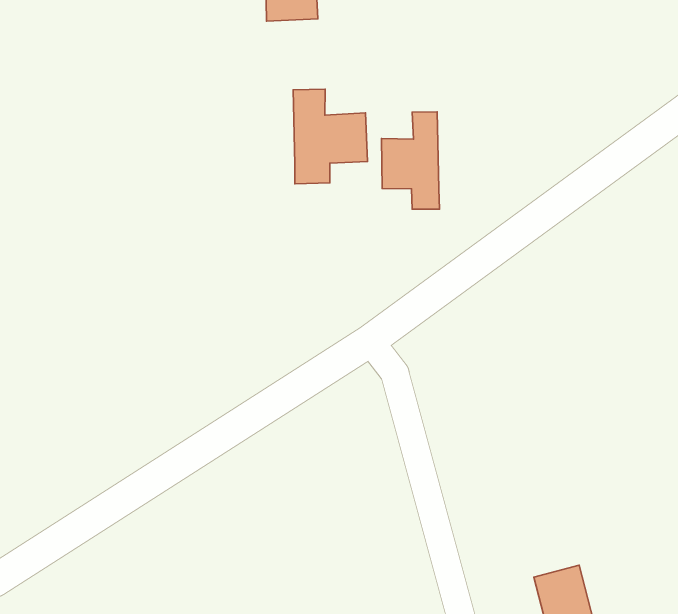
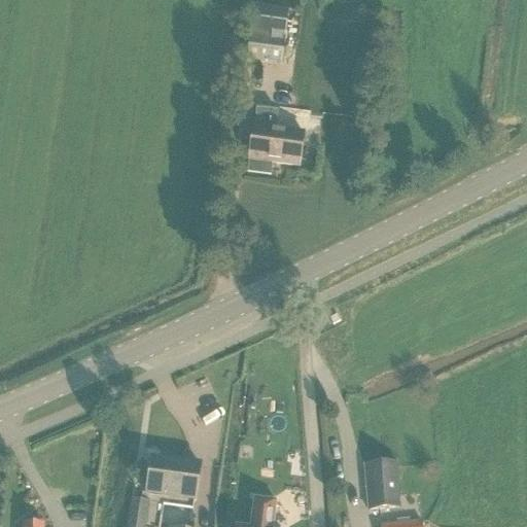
building: [382,112,439,209] -> none

